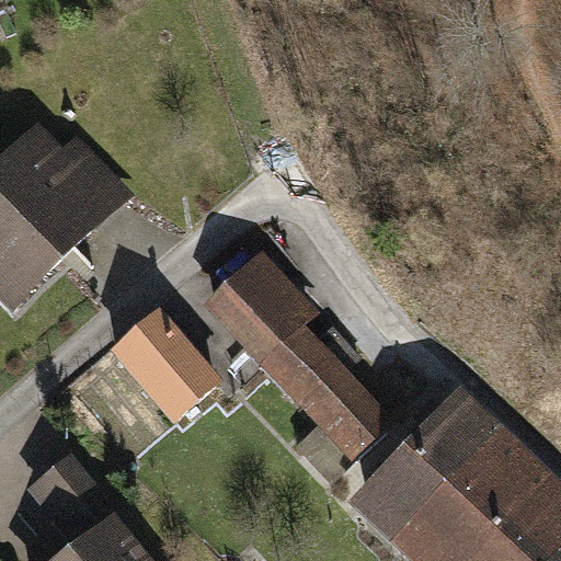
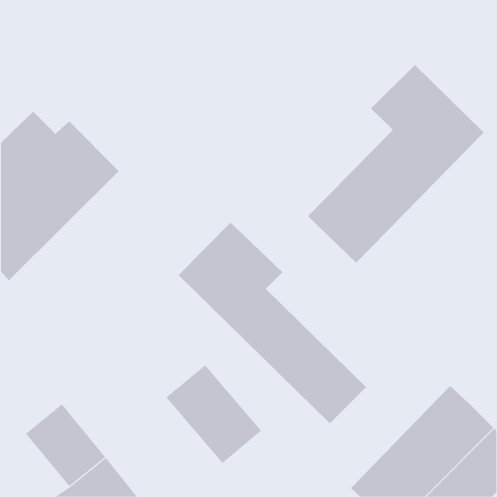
building: none -> [307,64,485,263]
building: [112,309,220,421] -> [166,364,262,464]
building: [347,388,507,550] -> none

